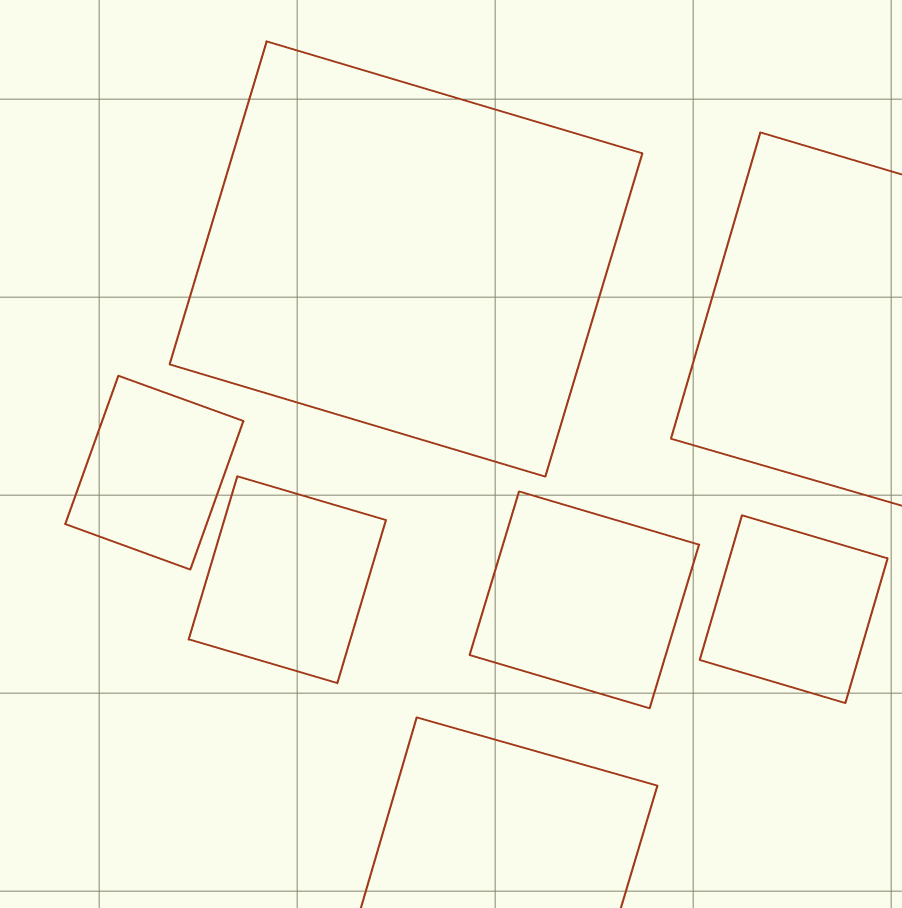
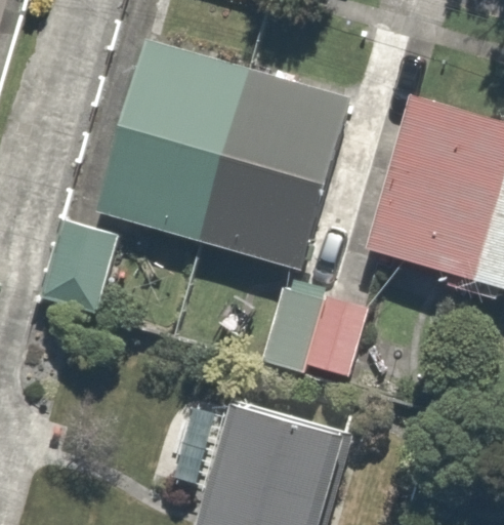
building: [189,476,386,683] -> none
building: [700,515,887,703] -> none

